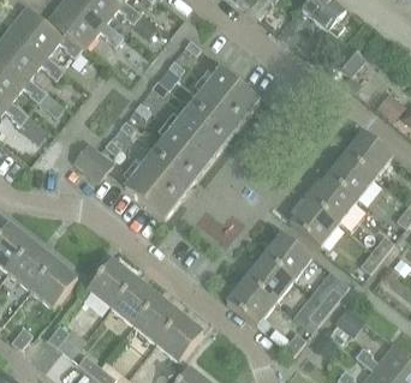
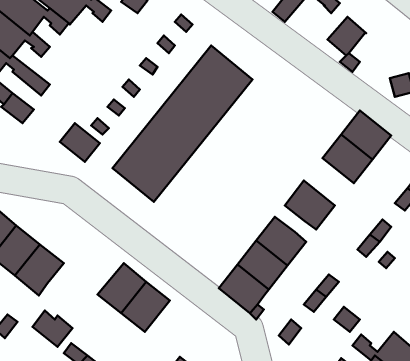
building: [308,176,356,222] -> none
building: [87,258,135,307] -> none
building: [155,313,202,361] -> none

